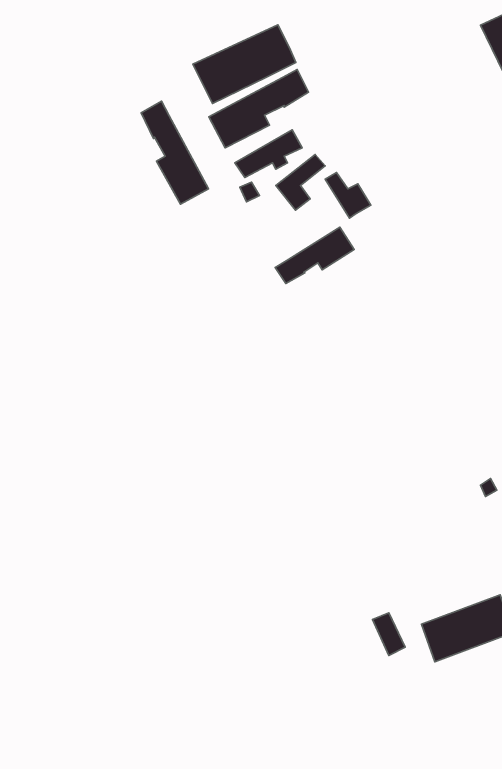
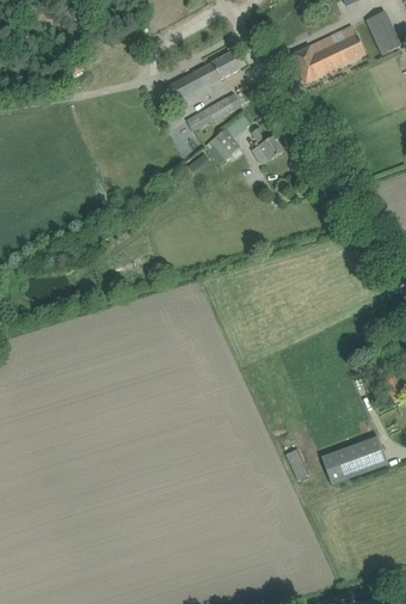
building: [193,25,296,103] -> [290,25,365,83]
building: [141,101,209,204] -> none
building: [275,227,354,283] -> none

